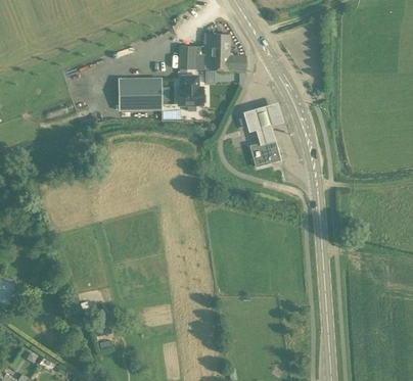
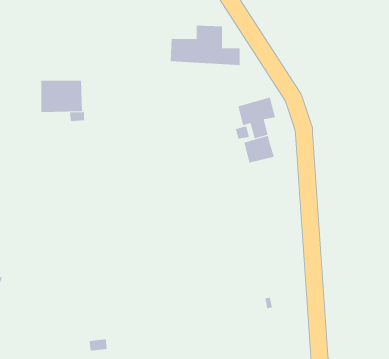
building: [176,74,205,105] -> none
building: [119,79,160,110] -> [40,80,83,112]

